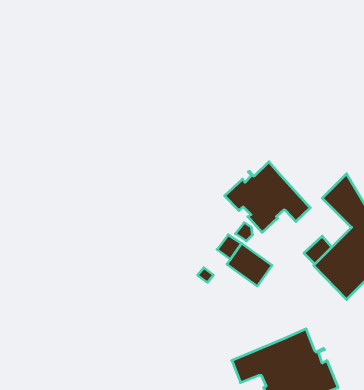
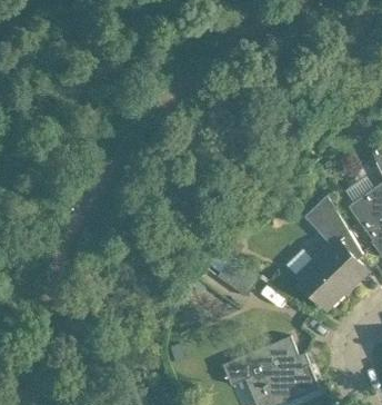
building: [225,162,310,232] -> none

